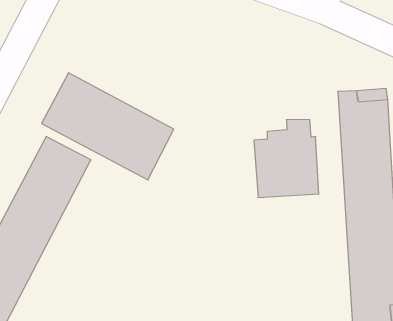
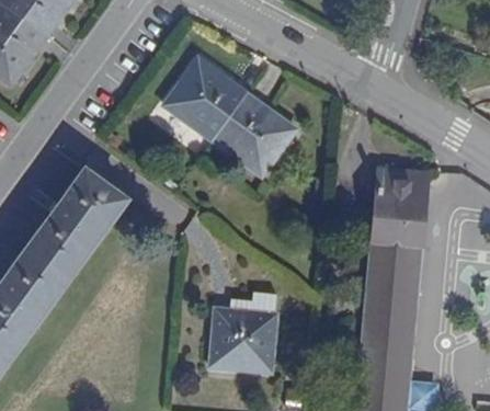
building: [42,73,174,180] -> [164,57,294,174]
building: [254,120,319,197] -> [209,294,275,372]

